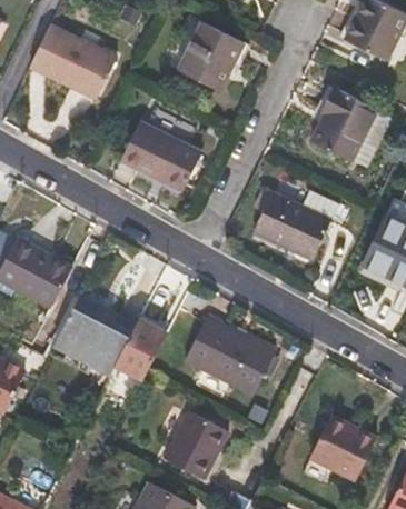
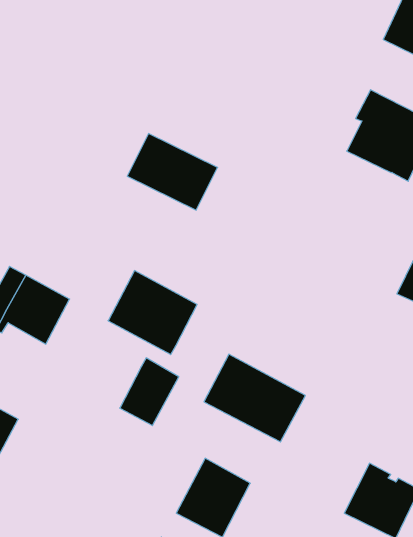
building: [178,22,242,91] -> none
building: [29,28,115,100] -> none
building: [254,184,339,256] -> none
building: [52,299,131,373] -> [108,271,197,355]

